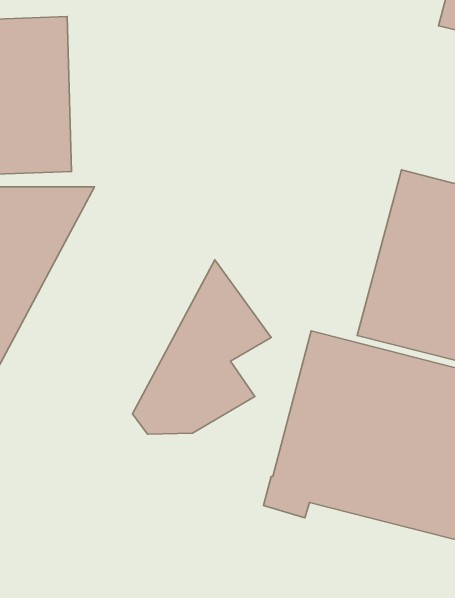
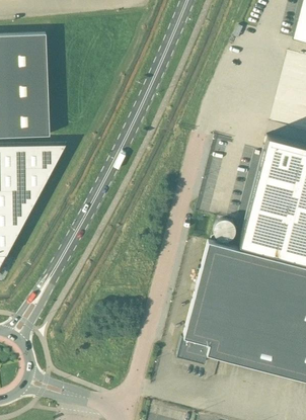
building: [133,260,271,434] -> none

